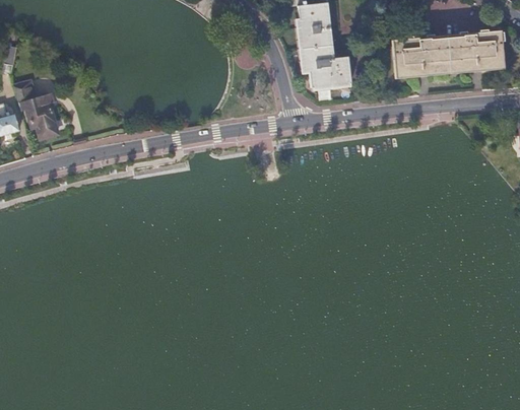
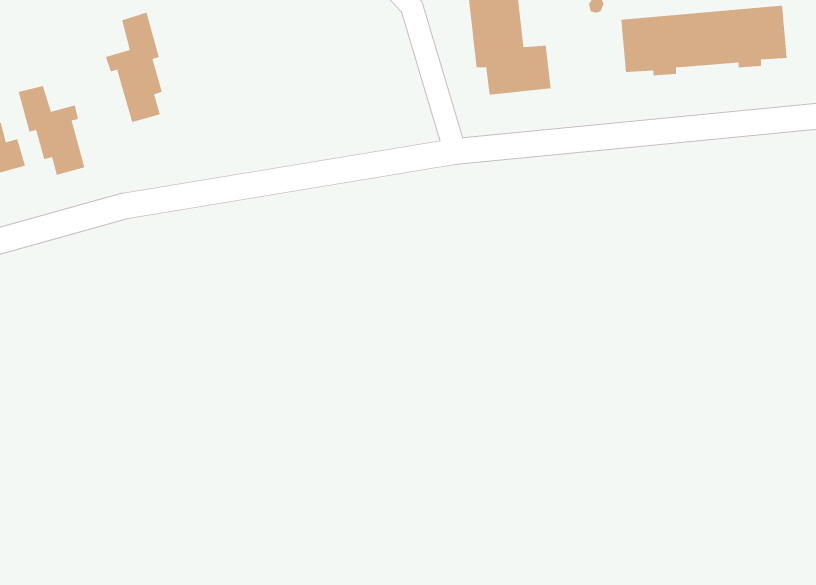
building: none -> [105,12,162,123]

